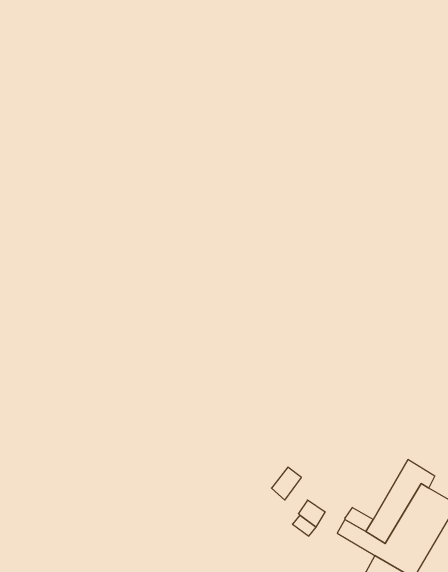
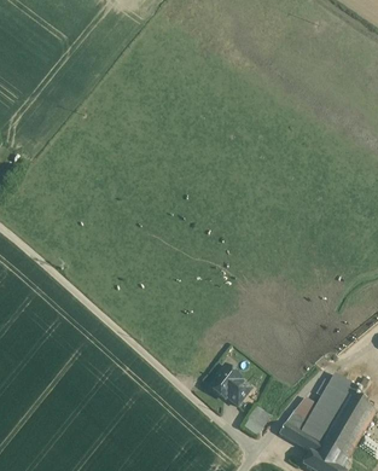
building: none -> [207,362,238,396]

